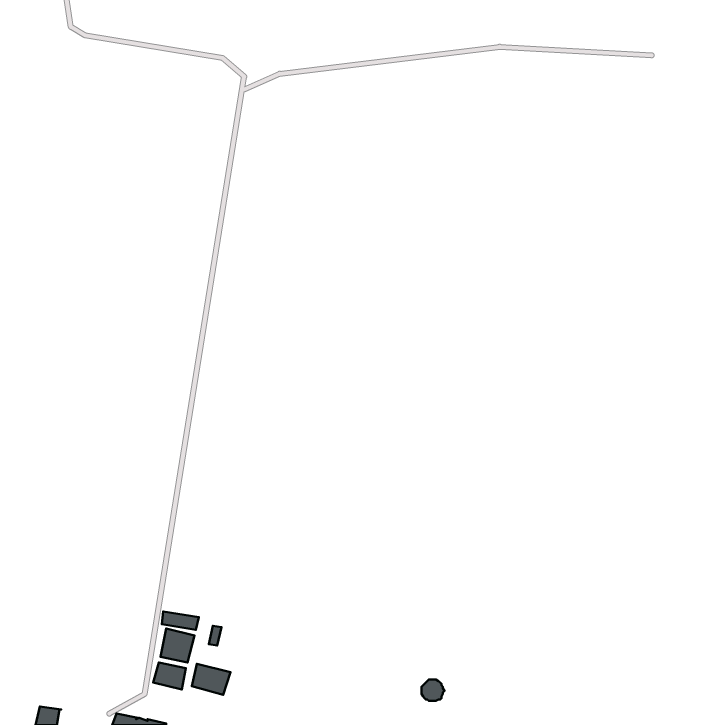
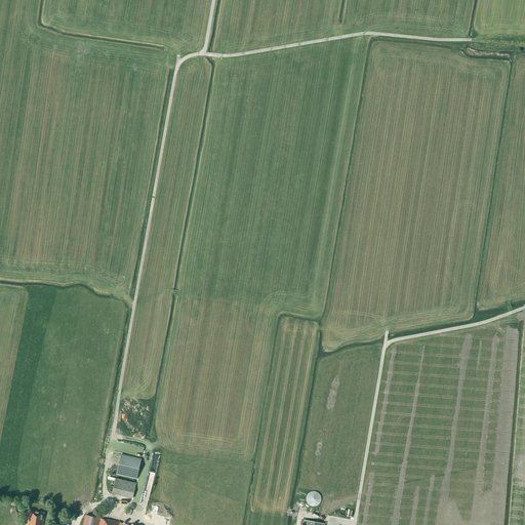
building: [192,664,230,695] -> none

